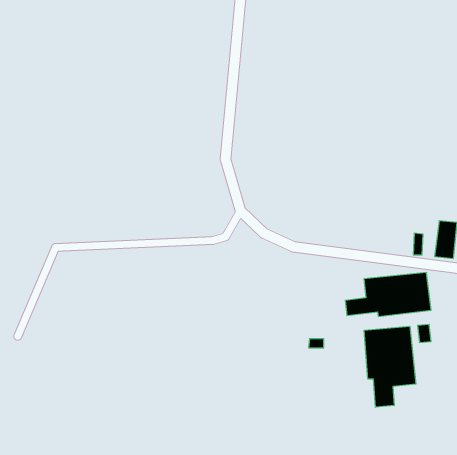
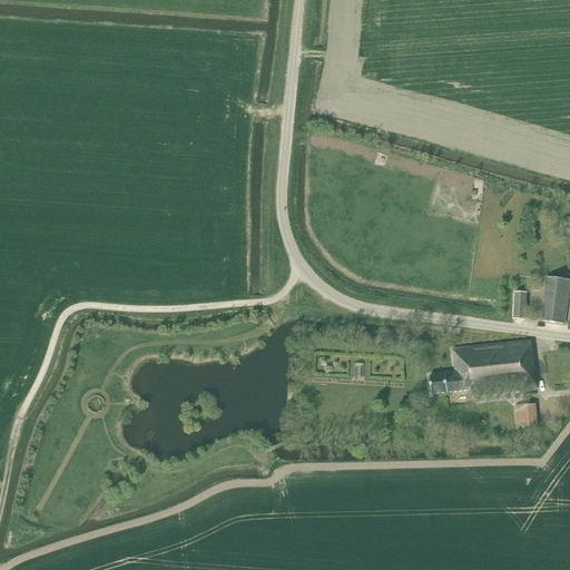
building: [364,326,416,407] -> none

